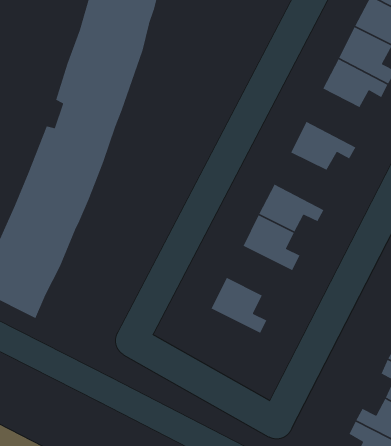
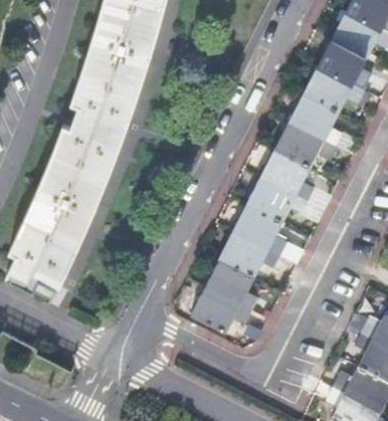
building: none -> [292,93,343,145]
building: none -> [263,150,315,200]
building: none -> [221,232,279,275]
building: none -> [193,287,251,332]

